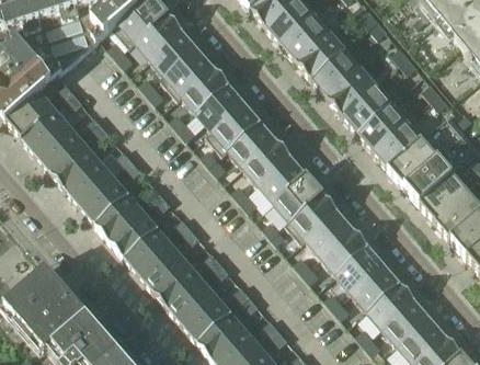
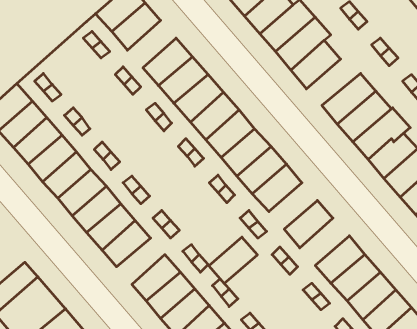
building: [147,25,195,72] -> none
building: [324,59,378,110] -> none
building: [287,186,335,232] -> [209,237,257,283]
building: [318,221,367,269] -> none
building: [136,241,184,287] -> none

